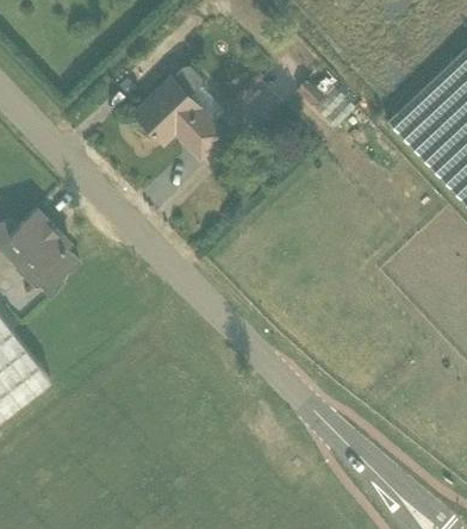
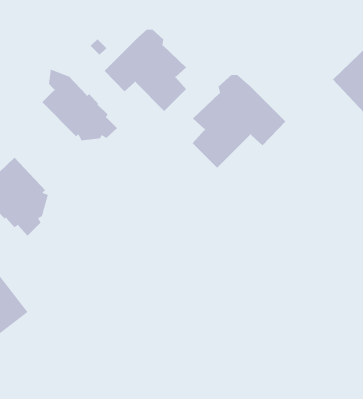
building: none -> [41,68,118,141]
building: none -> [192,74,286,168]

